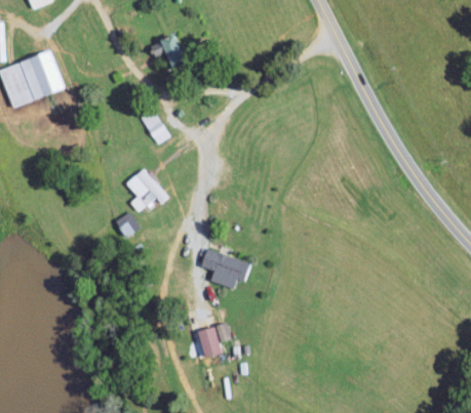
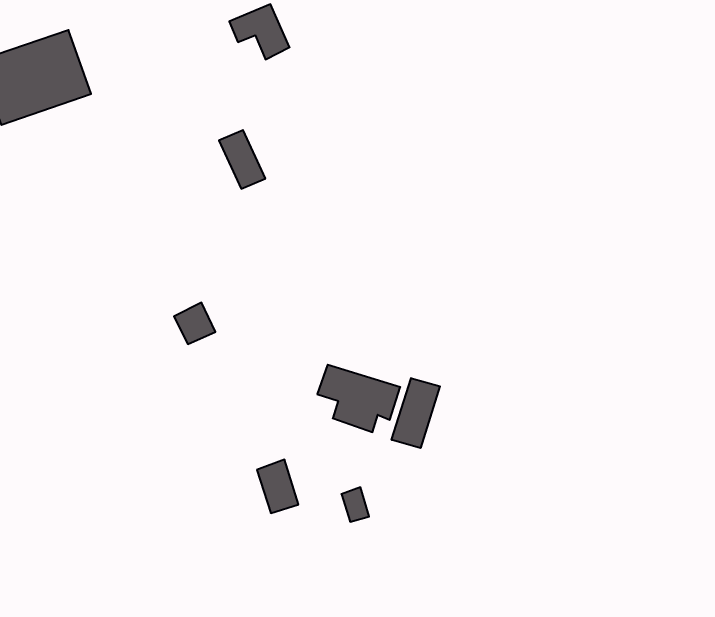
building: [125,168,169,212] -> none
building: none -> [392,378,440,448]
building: [196,326,221,358] -> [257,460,298,513]

